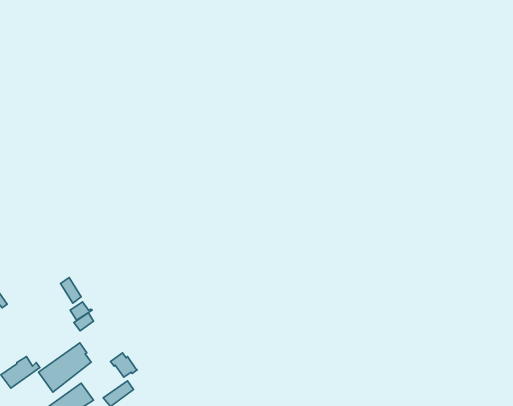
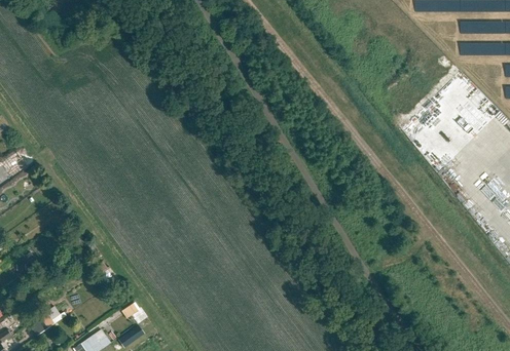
building: [38,343,91,392] -> none

